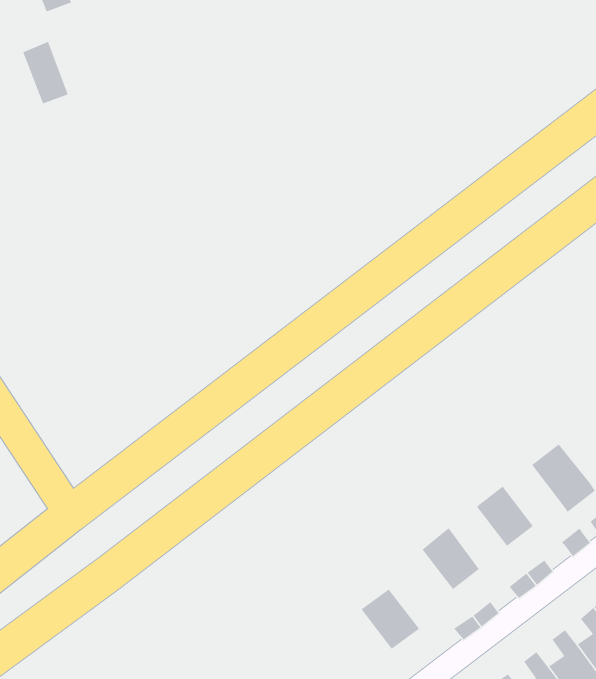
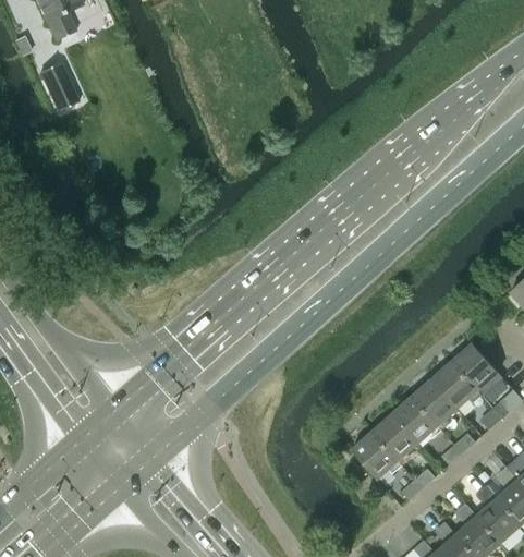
building: none -> [431,361,478,408]
building: none -> [392,396,438,444]
building: [360,588,420,650] -> [352,432,399,479]

